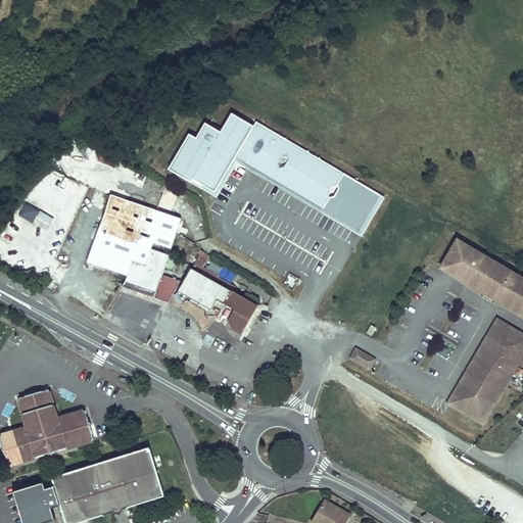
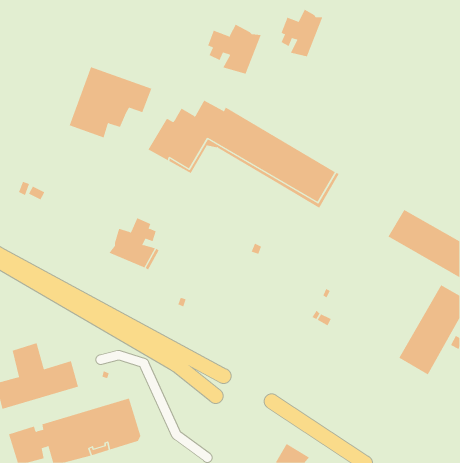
building: none -> [281,9,323,57]
building: none -> [207,24,261,74]
building: [89,193,183,274] -> [69,67,152,138]
building: [178,249,259,335] -> none

